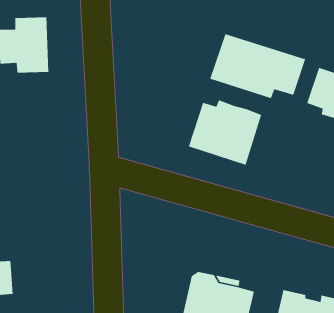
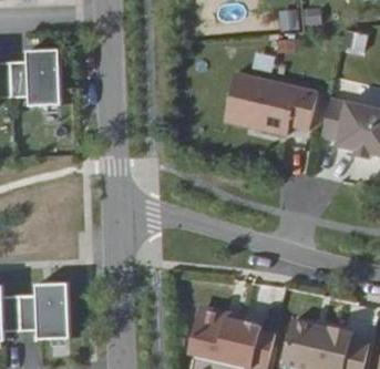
building: [188,99,262,166] -> none
building: none -> [23,279,74,335]

